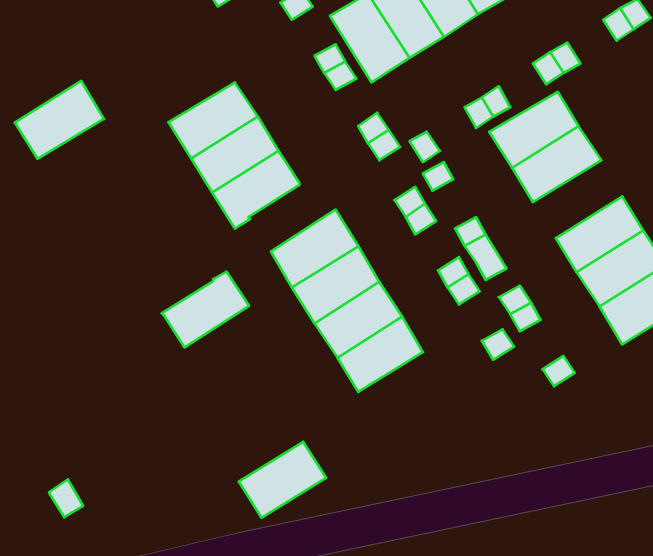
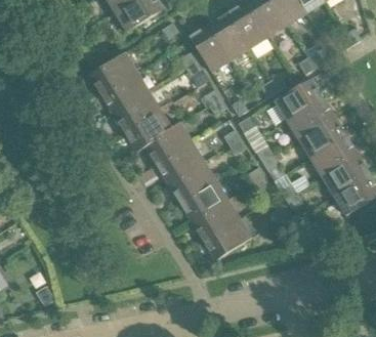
building: [15,81,104,159] -> [89,52,137,94]
building: none -> [298,115,346,157]
building: [162,272,249,347] -> [144,123,192,164]
building: [239,442,326,518] -> [204,218,251,259]

